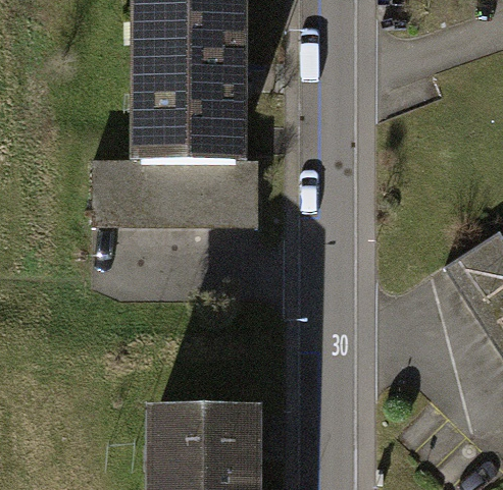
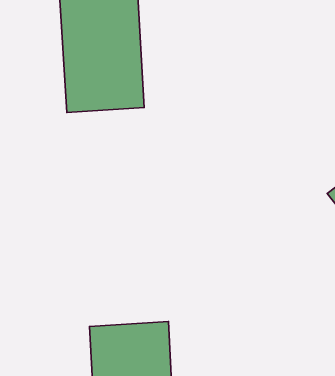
building: [94,161,257,228] -> none

